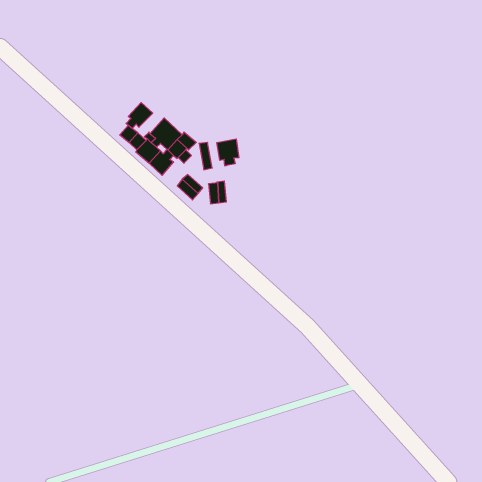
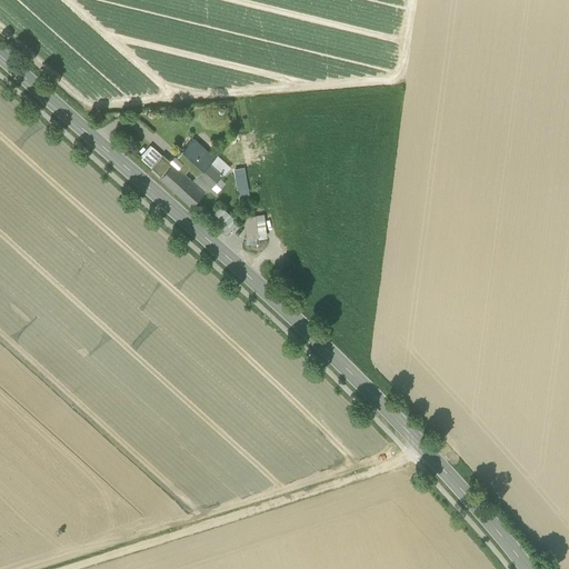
building: [126,103,153,129] -> none
building: [217,139,239,166] -> none

